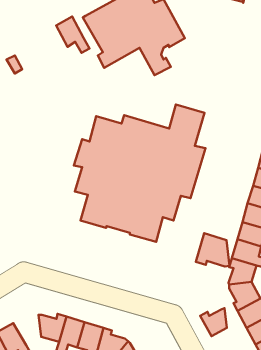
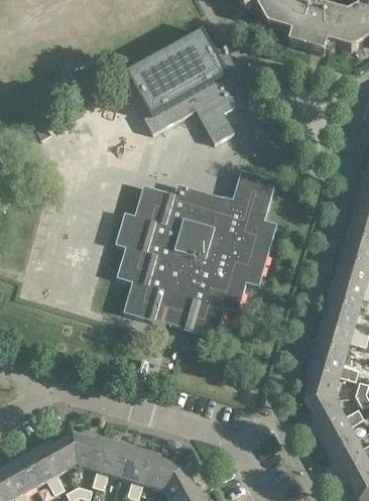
building: [56,17,89,53] -> none
building: [196,233,230,267] -> none
building: [200,308,227,336] -> none
building: none -> [41,434,76,472]

